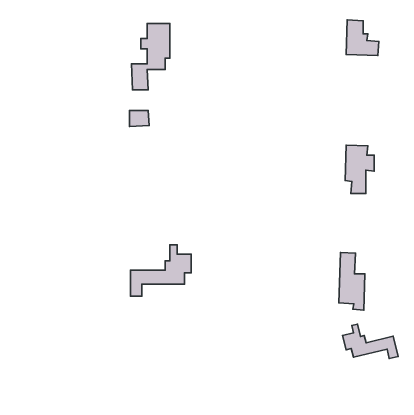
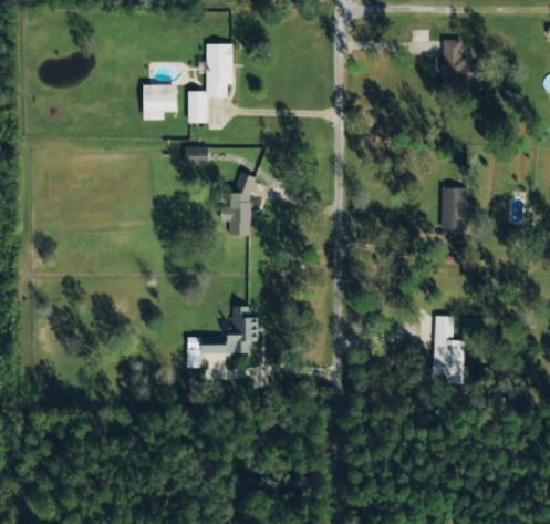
building: none -> [142,83,177,120]
building: none -> [225,174,252,236]
building: [343,324,398,359] -> none

